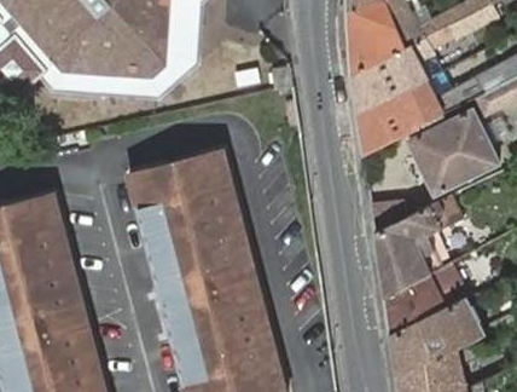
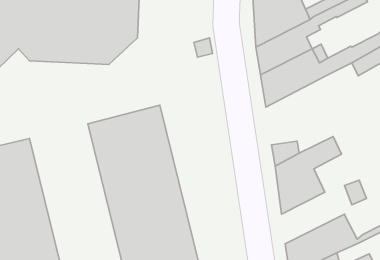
building: [408,106,500,192] -> none
building: [384,261,466,333] -> none

